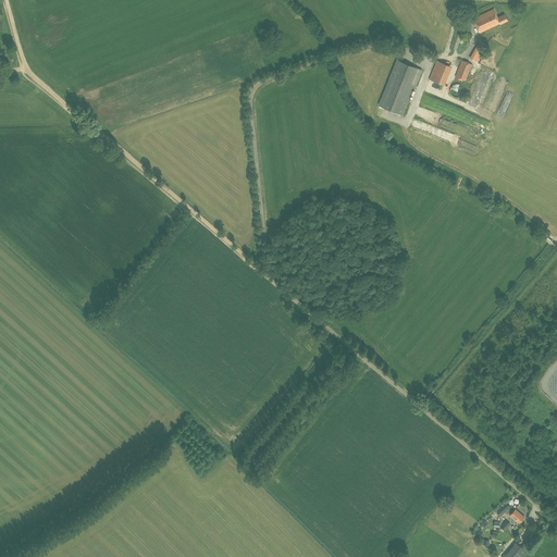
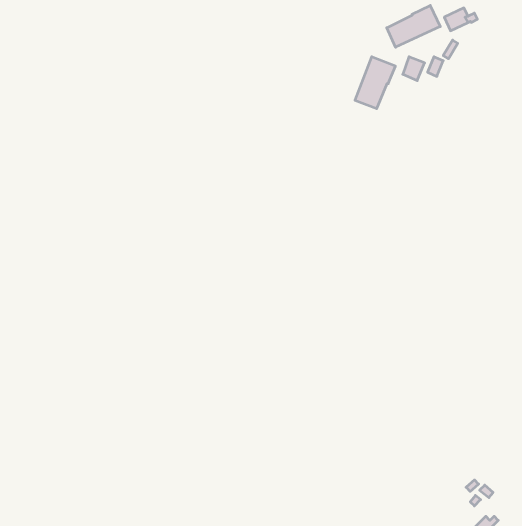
building: none -> [387,5,440,47]

